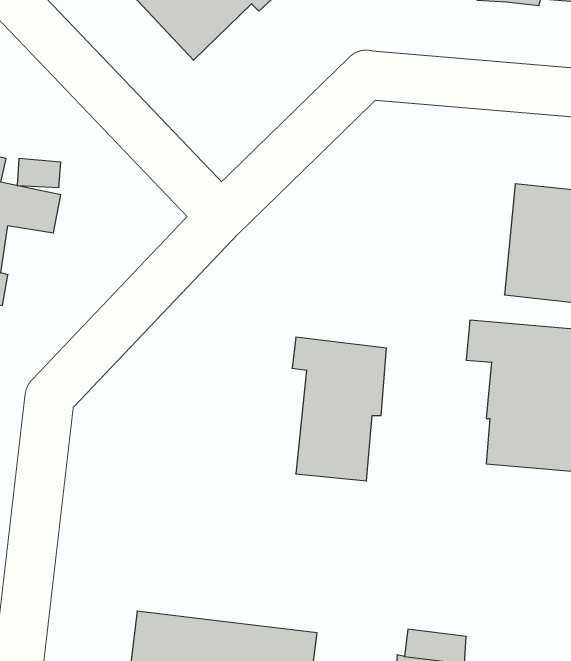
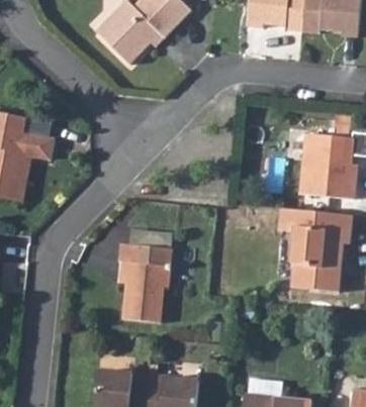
building: [292,337,387,481] -> [118,242,171,322]

